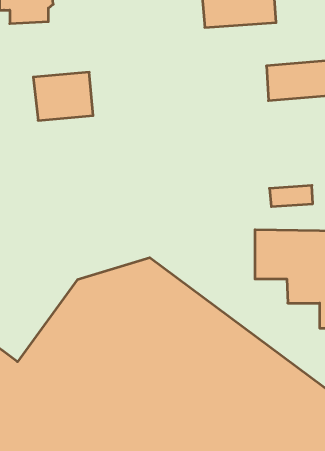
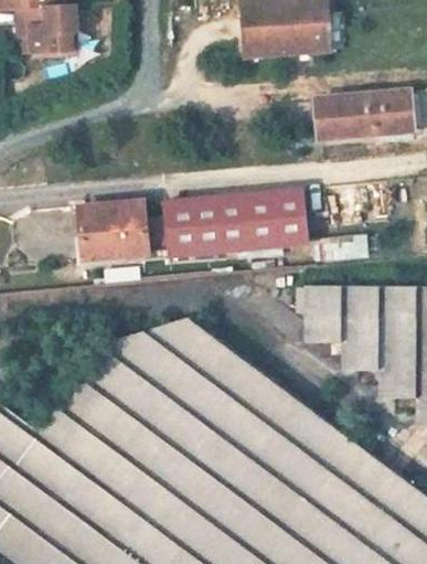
building: [33,72,93,120] -> [79,202,148,257]
building: none -> [164,191,308,257]

